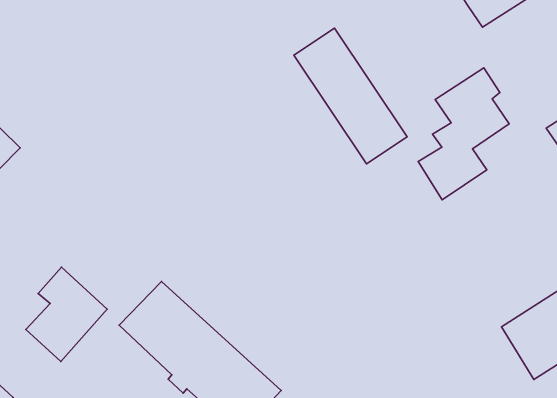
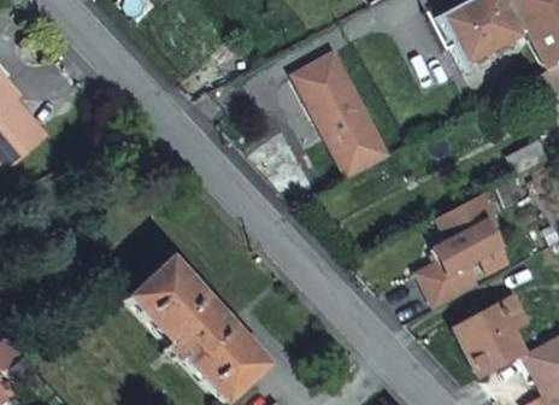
building: [418,68,509,200] -> [418,194,500,306]
building: [26,267,107,362] -> none

